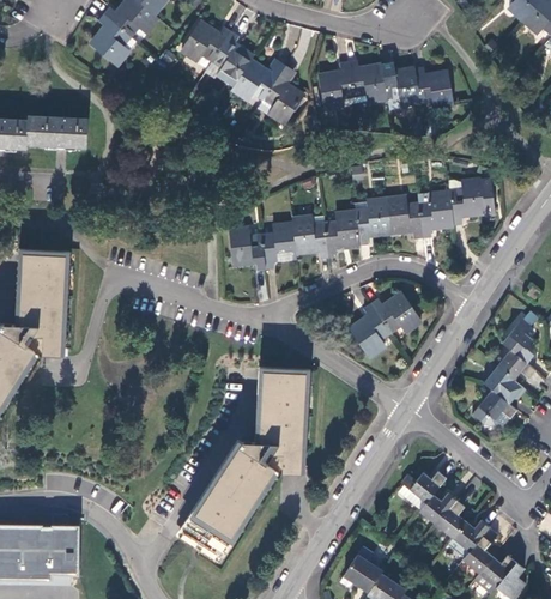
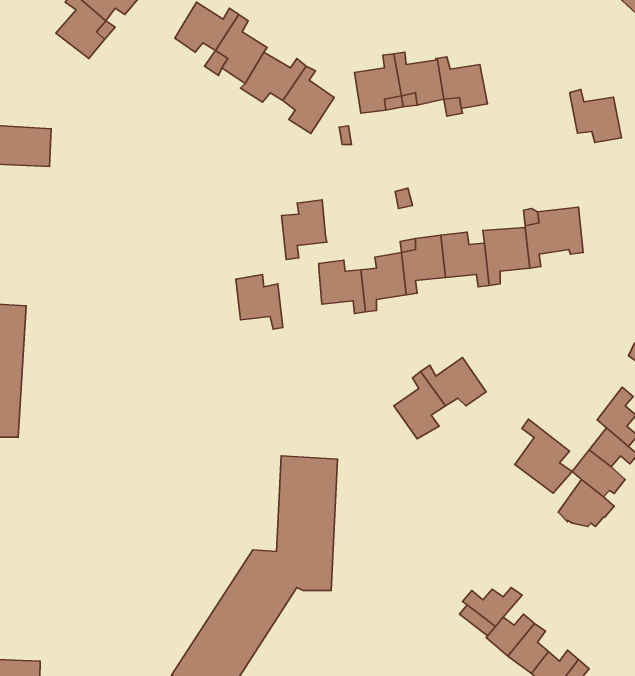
building: [414,66,454,107] -> [570,89,621,143]
building: [260,225,295,271] -> [282,200,327,259]
building: none -> [515,419,572,493]

